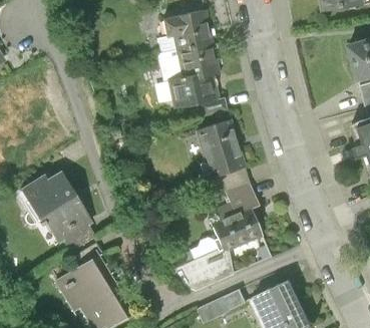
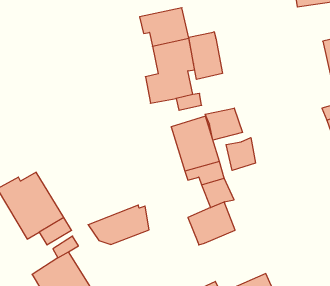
building: none -> [189,32,222,79]
building: none -> [205,108,242,140]
building: none -> [226,138,255,170]
building: [170,249,233,289] -> [88,205,149,244]

